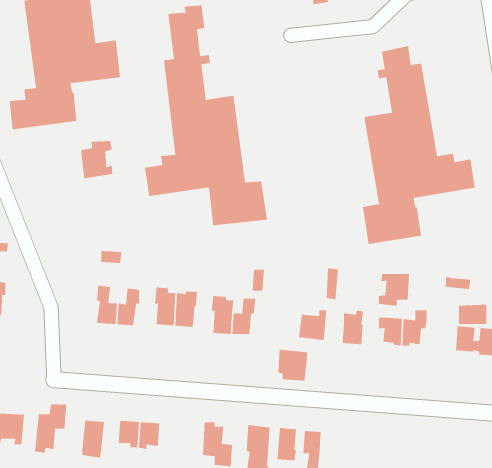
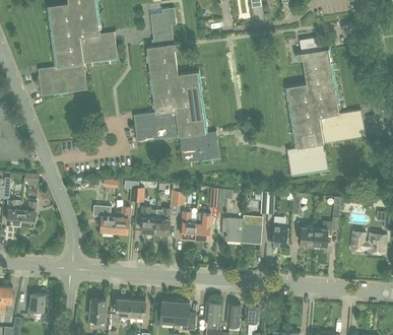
building: [80,140,113,179] -> none
building: [378,273,409,306] -> none
building: [277,349,308,381] -> [221,218,243,241]
building: [35,403,67,454] -> none
building: none -> [153,298,175,326]

